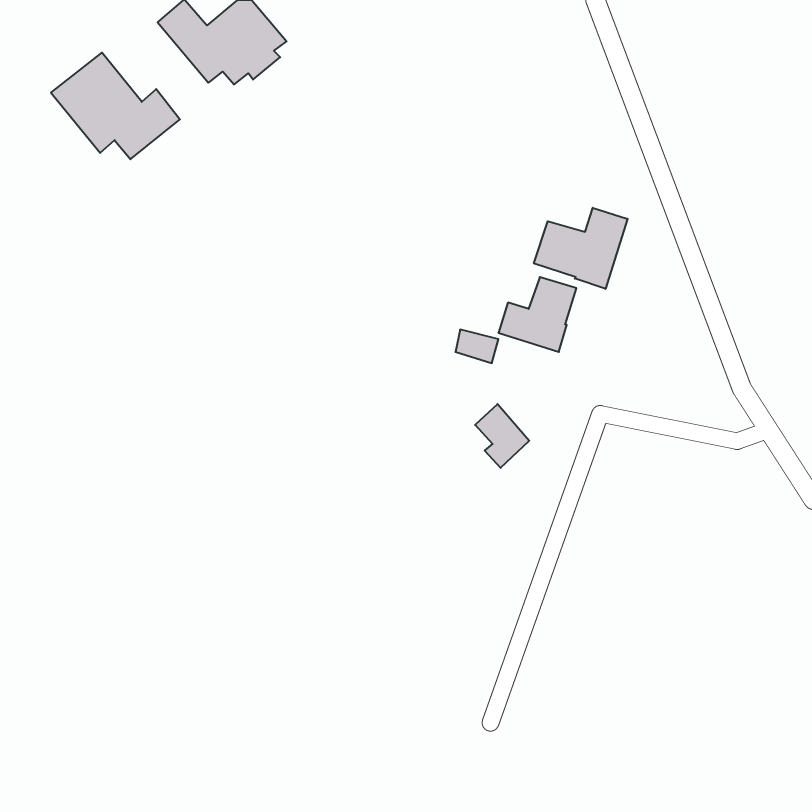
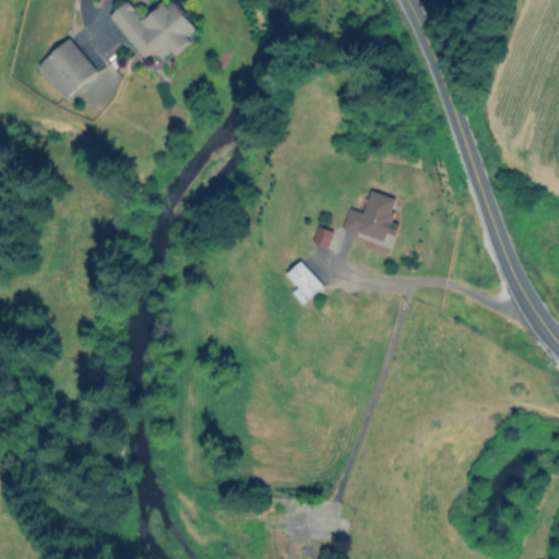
building: [534,208,628,289] -> none
building: [475,404,529,468] -> [286,260,323,304]

